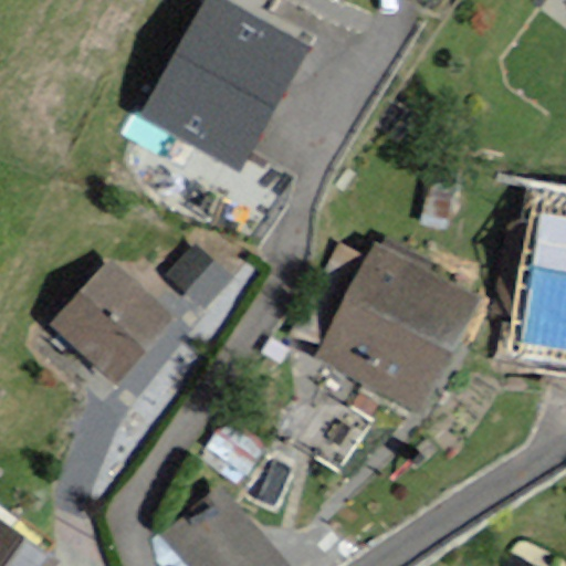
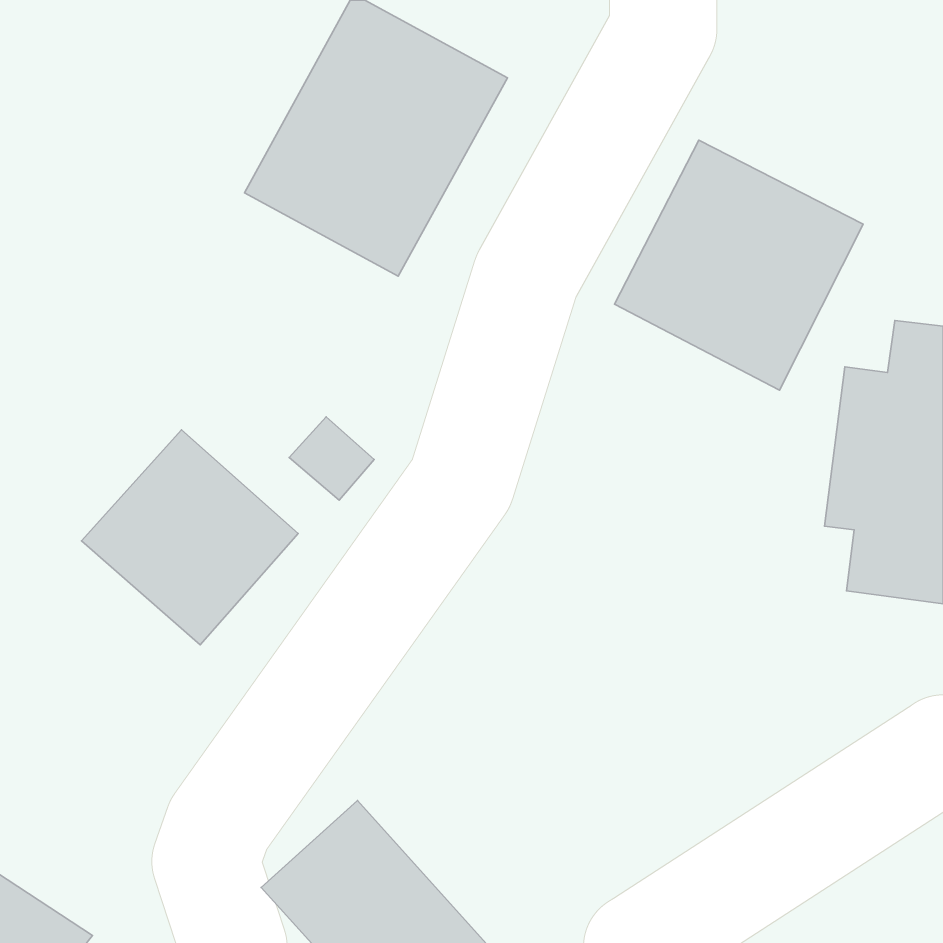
building: none -> [615,140,863,390]
building: [316,243,481,410] -> none

